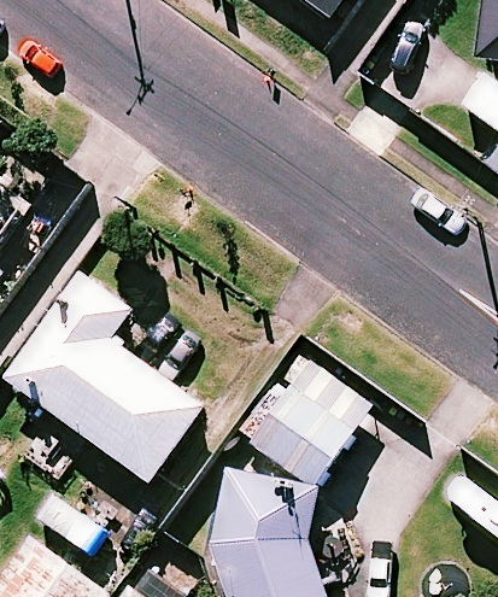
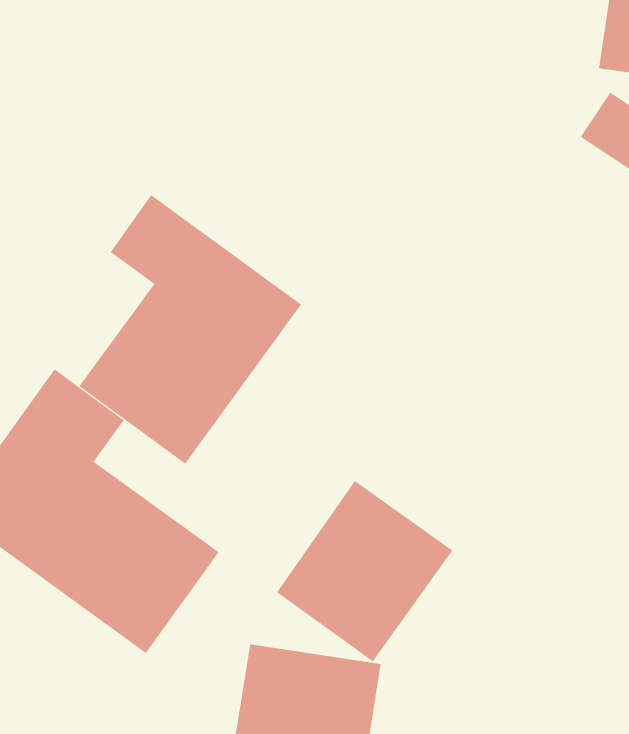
building: none -> [78,194,302,464]

